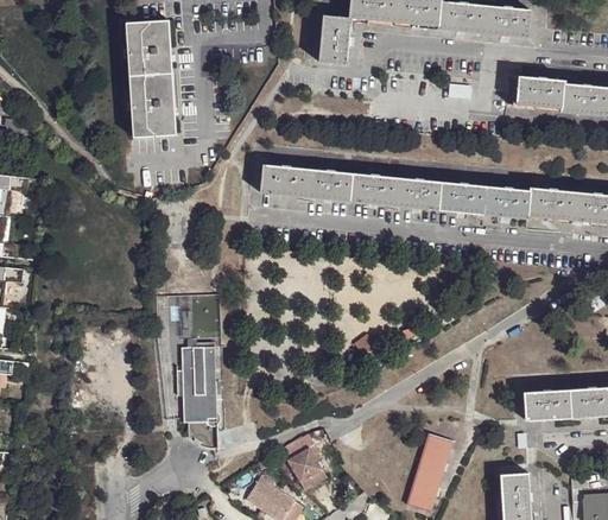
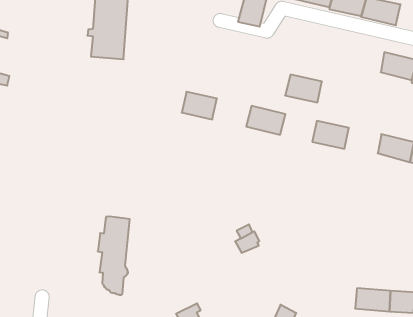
building: [303,169,353,201] -> none
building: [395,177,442,209] -> [285,75,322,102]
building: [483,184,530,216] -> none

